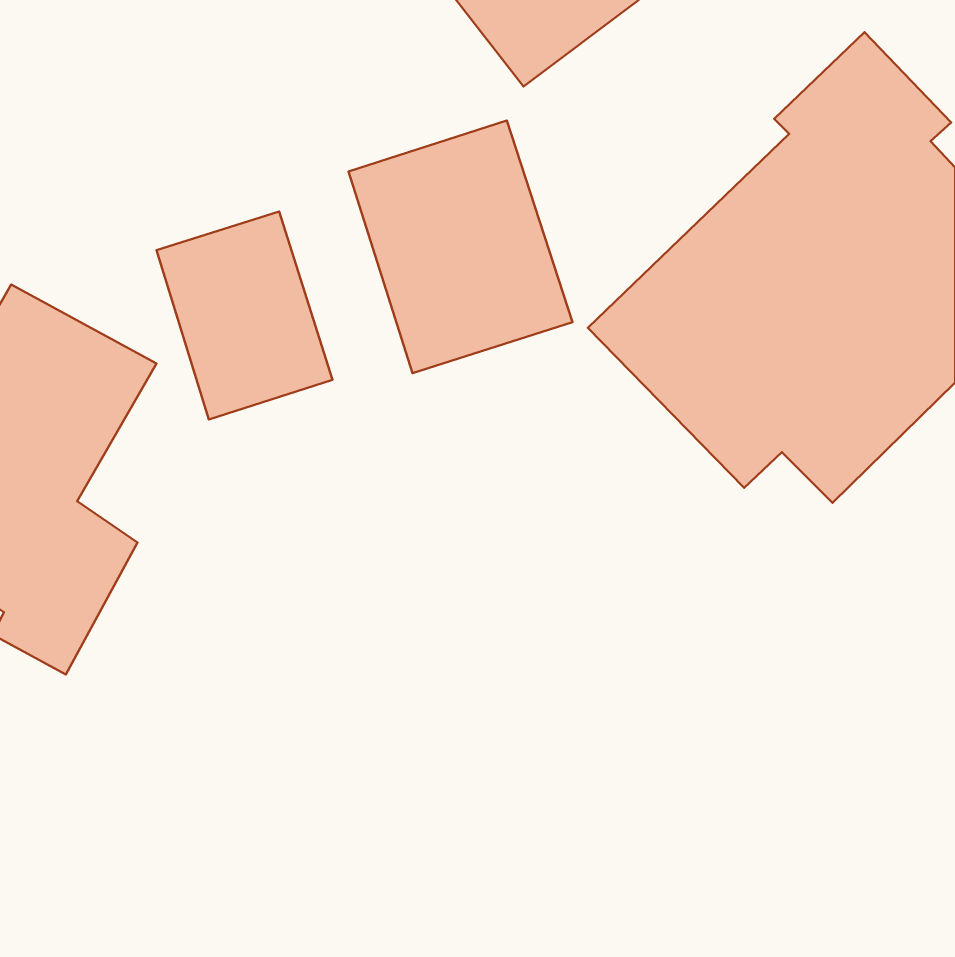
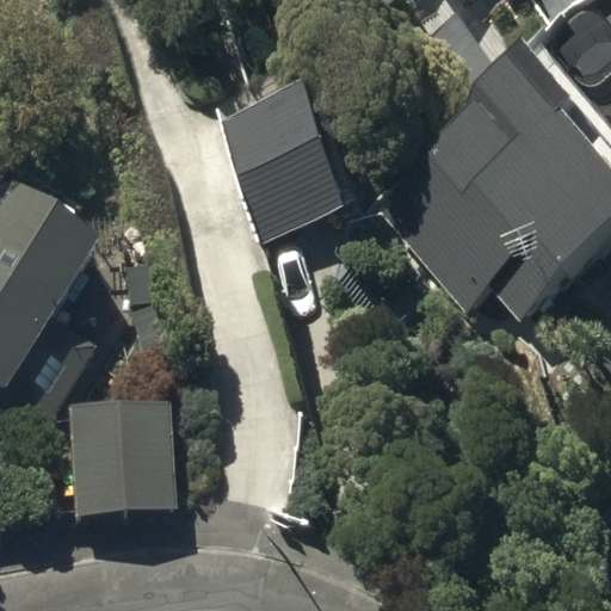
building: [156,212,333,419] -> none
building: none -> [67,400,172,508]

